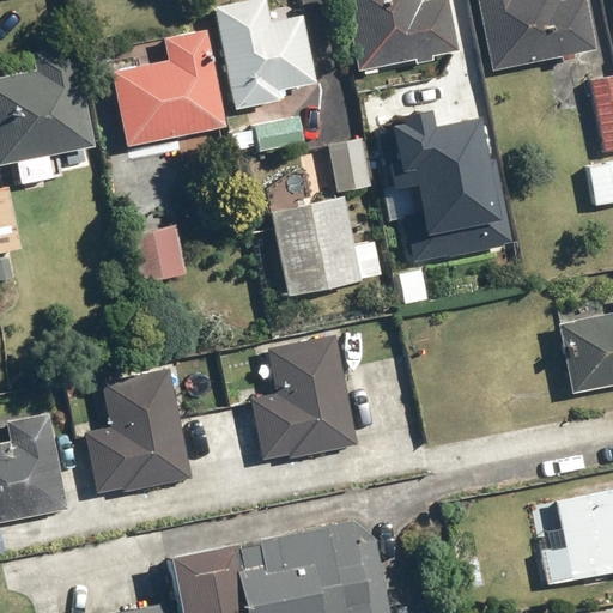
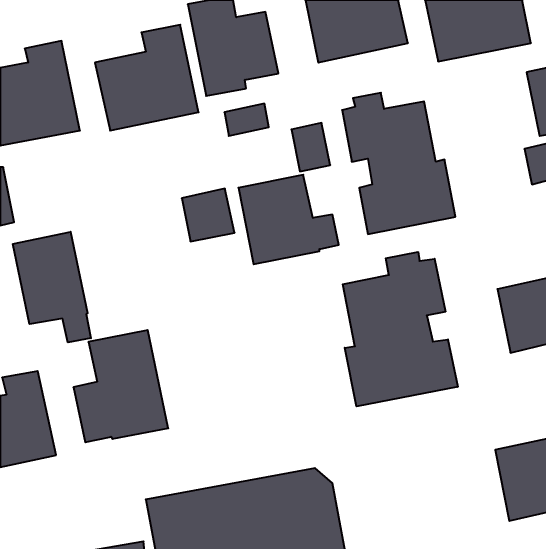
building: [128,225,187,284] -> [182,189,235,241]
building: none -> [13,232,91,342]
building: none -> [343,252,458,406]
building: [251,335,358,461] -> none

